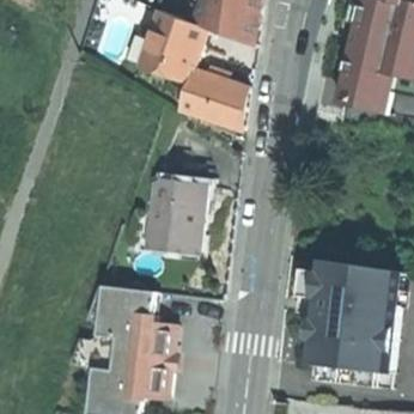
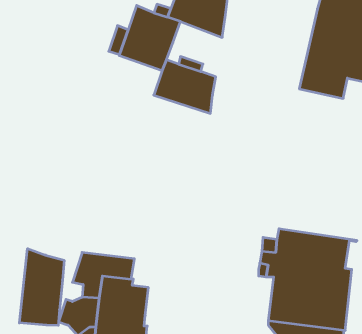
building: [150,178,203,252] -> none
building: none -> [19,249,64,325]

